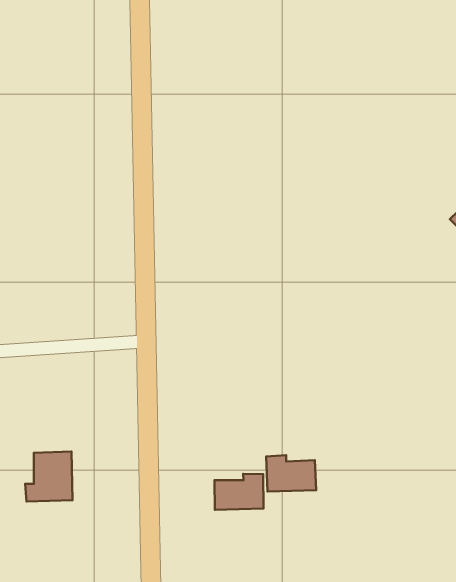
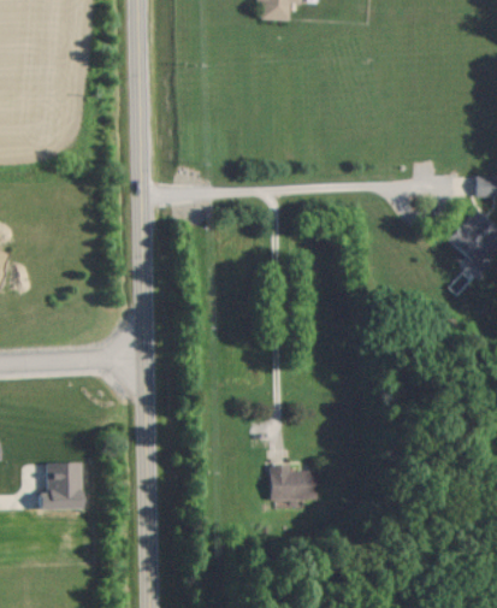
building: [215,474,264,510] -> none

